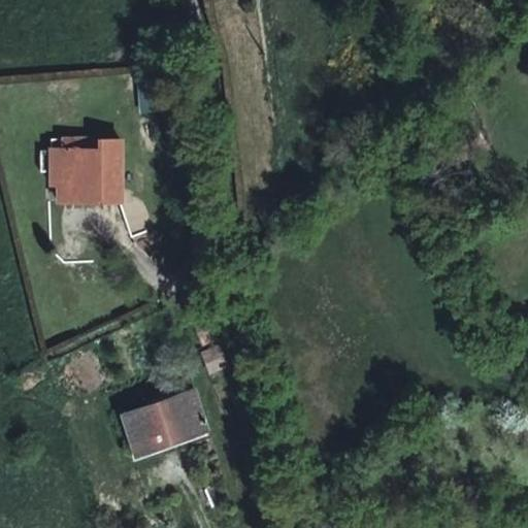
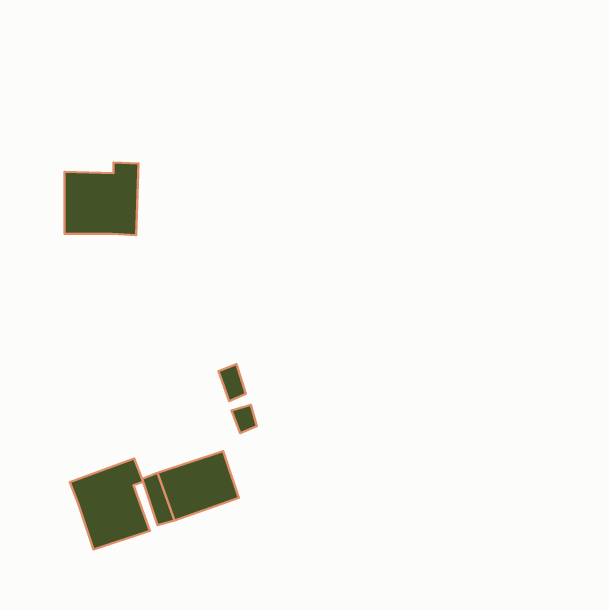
building: none -> [70,459,150,550]

